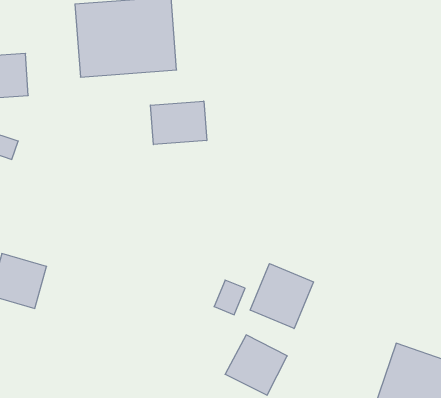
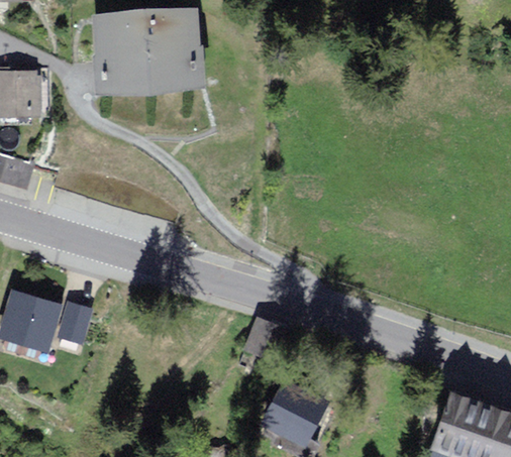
building: [150,101,207,145] -> none
building: [250,264,313,329] -> none
building: none -> [59,302,93,343]

